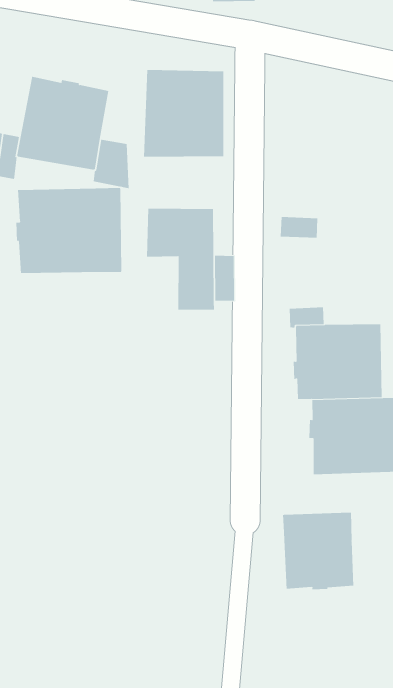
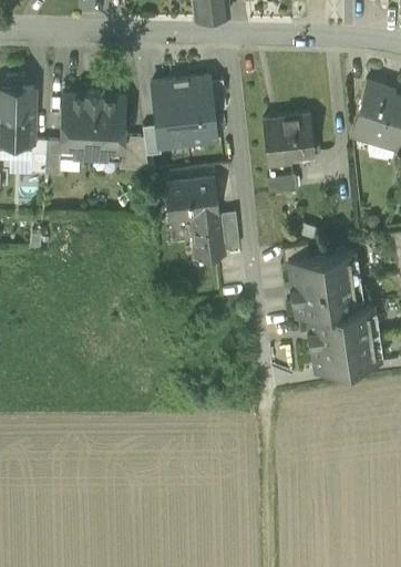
building: none -> [264,117,315,166]
building: [16,187,122,274] -> none
building: [283,512,354,590] -> none

